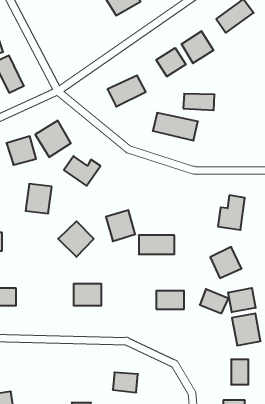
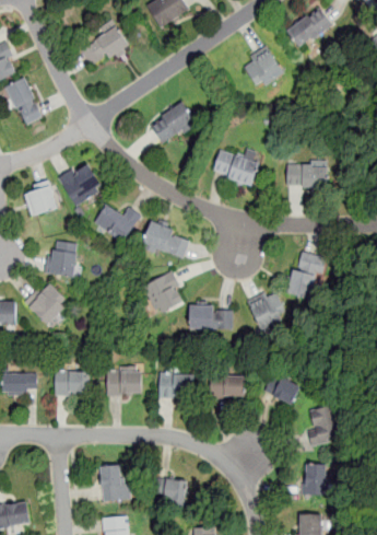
building: none -> [76,22,129,69]
building: [156,48,186,77] -> none
building: [183,94,215,110] -> [283,166,322,187]
building: none -> [142,222,190,259]
building: [58,221,94,257] -> [25,282,70,327]
building: [210,247,242,278] -> [248,291,287,330]
building: none -> [55,370,90,394]
building: [228,288,256,312] -> none
building: none -> [160,373,195,397]
building: none -> [101,464,130,500]

